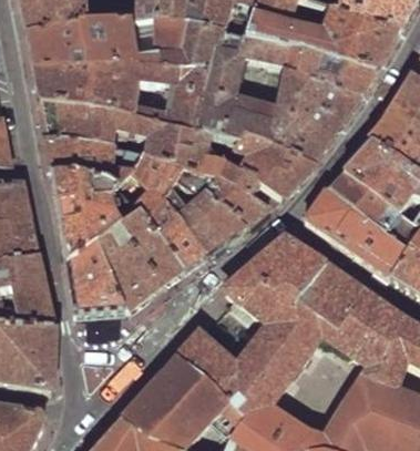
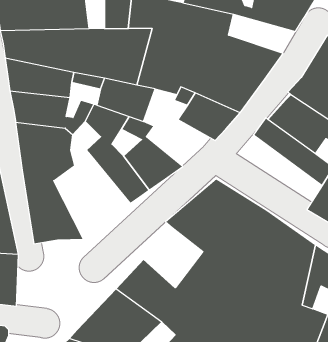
building: [298,50,376,95] -> none
building: [203,163,283,226] -> none
building: [305,189,407,276] -> none
building: [95,213,184,310] -> none

